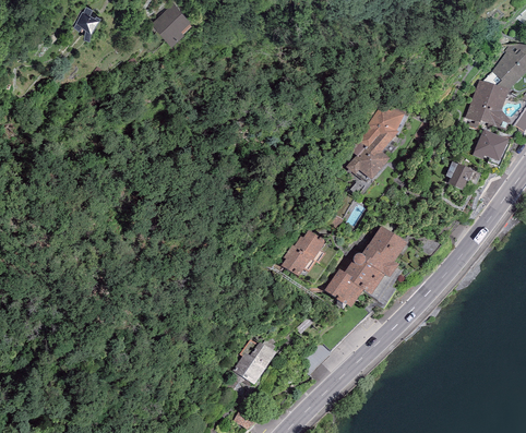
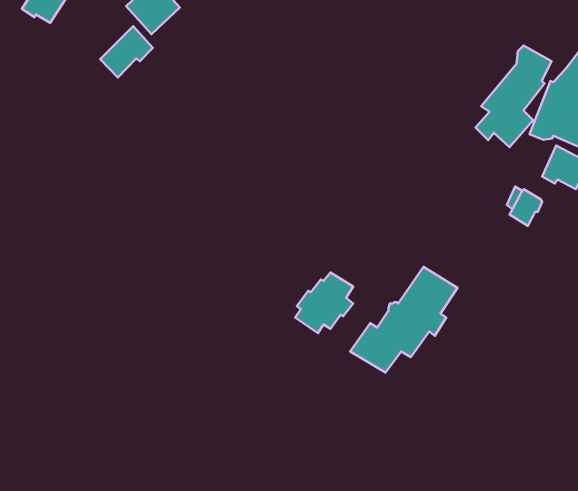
building: none -> [100,26,153,78]
building: [345,105,404,183] -> [476,46,552,147]
building: [232,336,276,384] -> none

